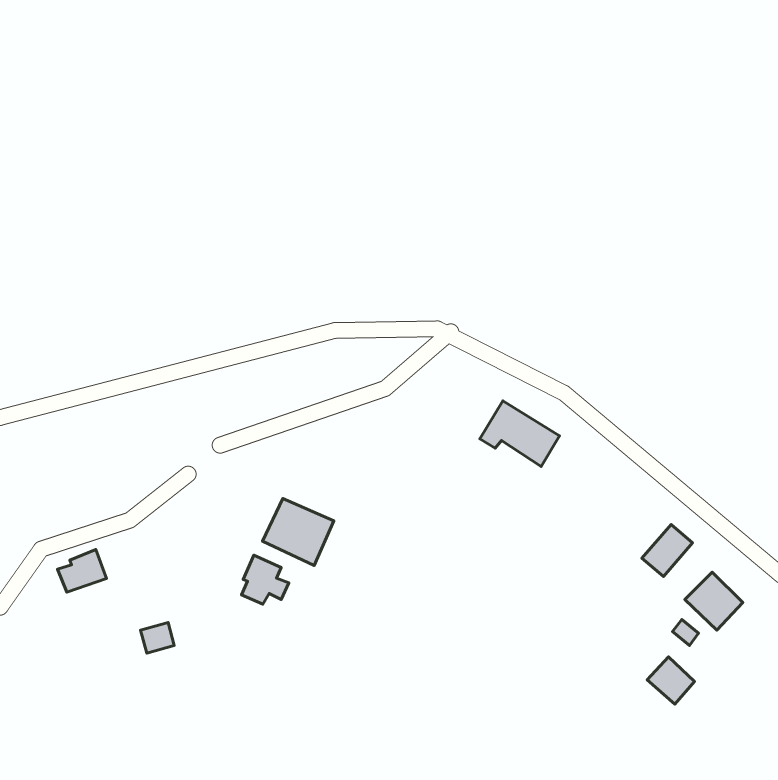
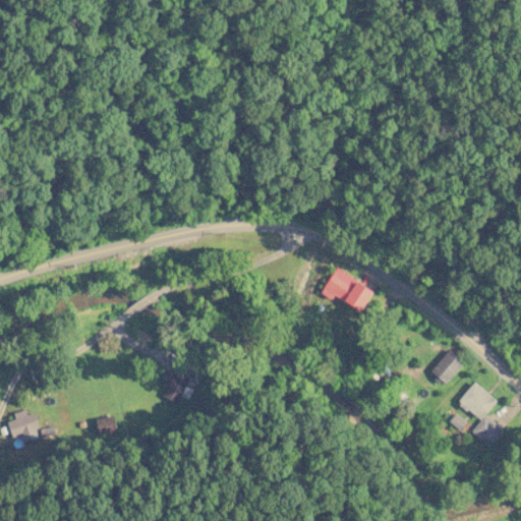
building: [262,498,334,565] -> none
building: [58,549,107,592] -> [7,409,40,438]
building: [647,657,695,704] -> [472,415,504,447]

